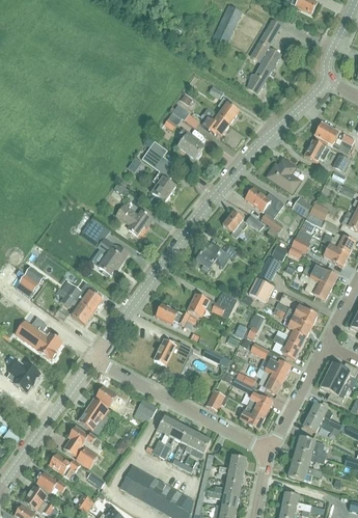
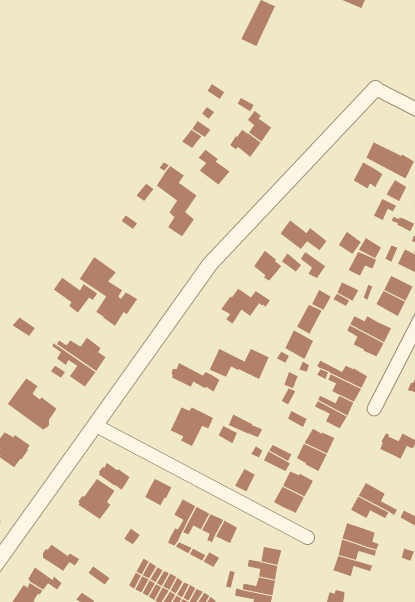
building: [247,31,279,92] -> none
building: [267,158,300,192] -> none
building: [115,203,153,234] -> [53,277,98,314]
building: [319,375,349,404] -> none
building: [64,426,101,467] -> none

